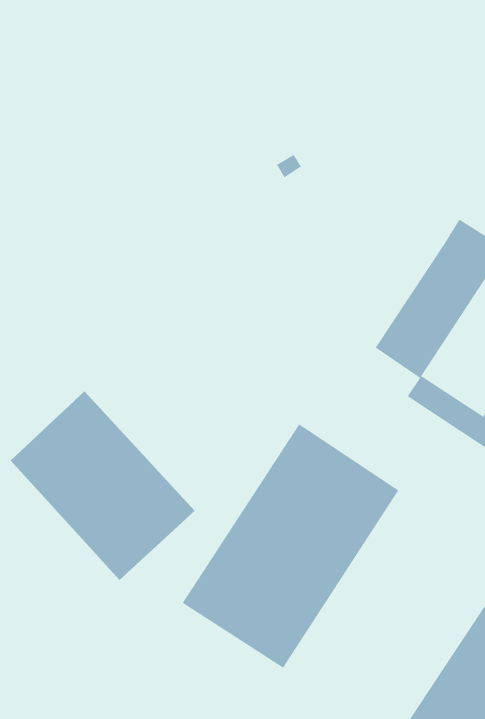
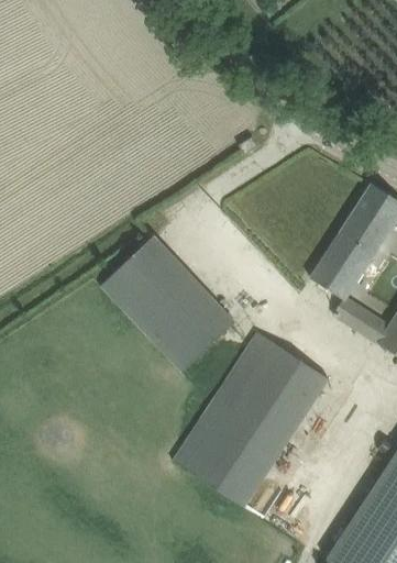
building: [10,391,196,581] -> [101,235,235,373]

